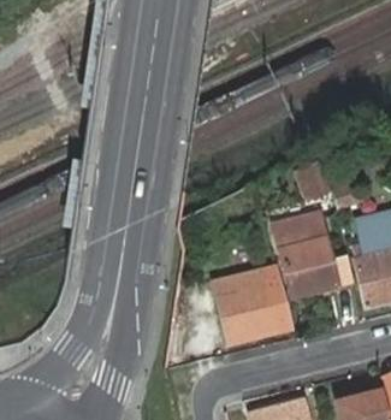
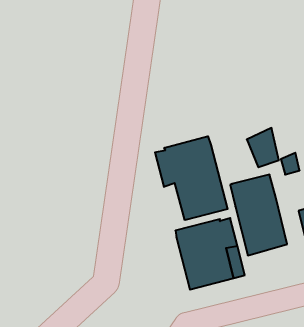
building: none -> [155,136,228,220]

